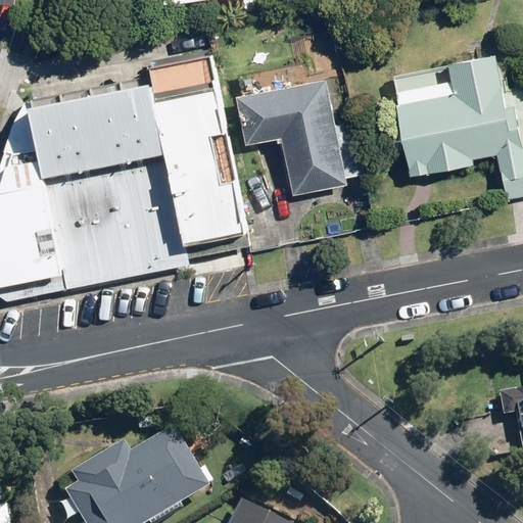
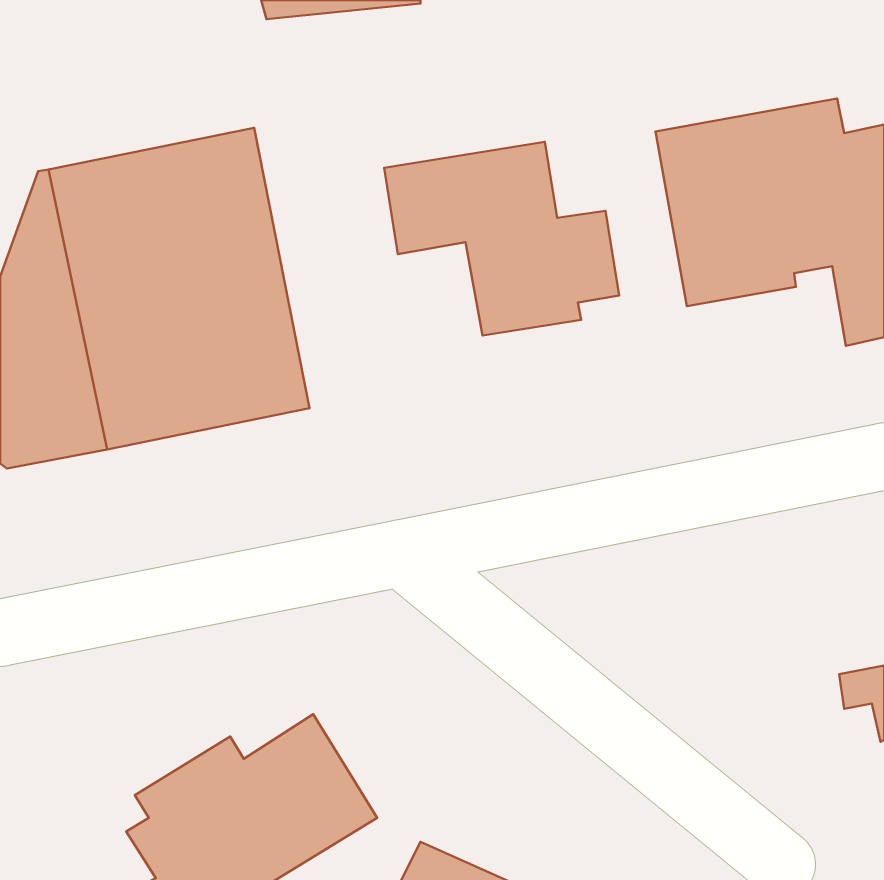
building: [148,54,246,243] -> none

